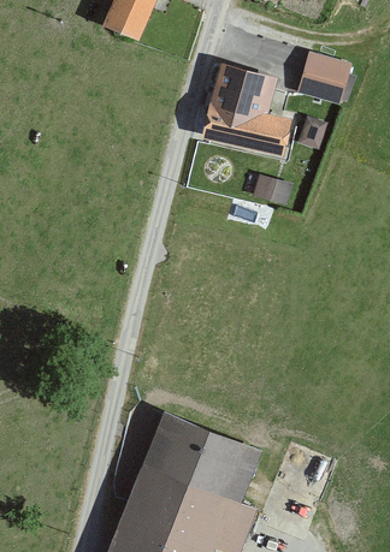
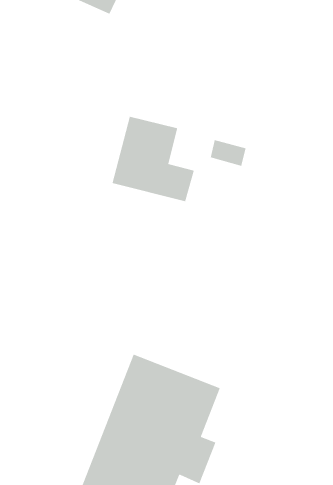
building: [294,53,350,107] -> none
building: [202,65,292,159] -> [111,116,195,202]

